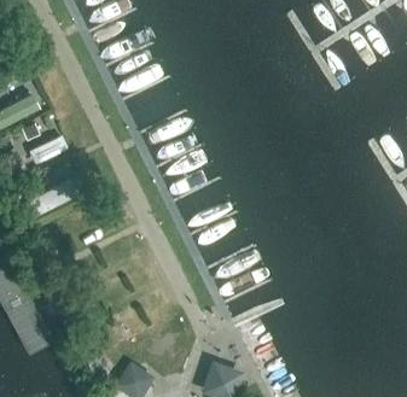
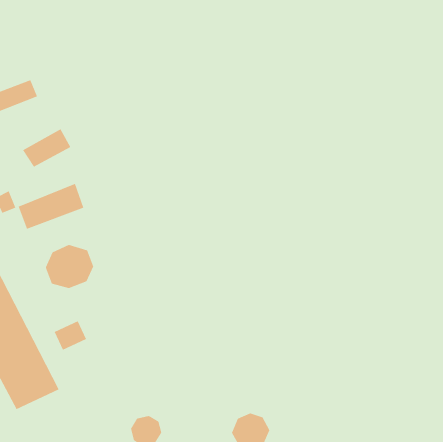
building: none -> [45,244,94,289]

